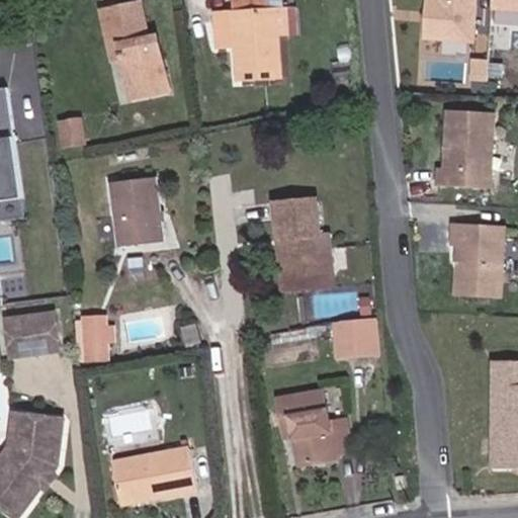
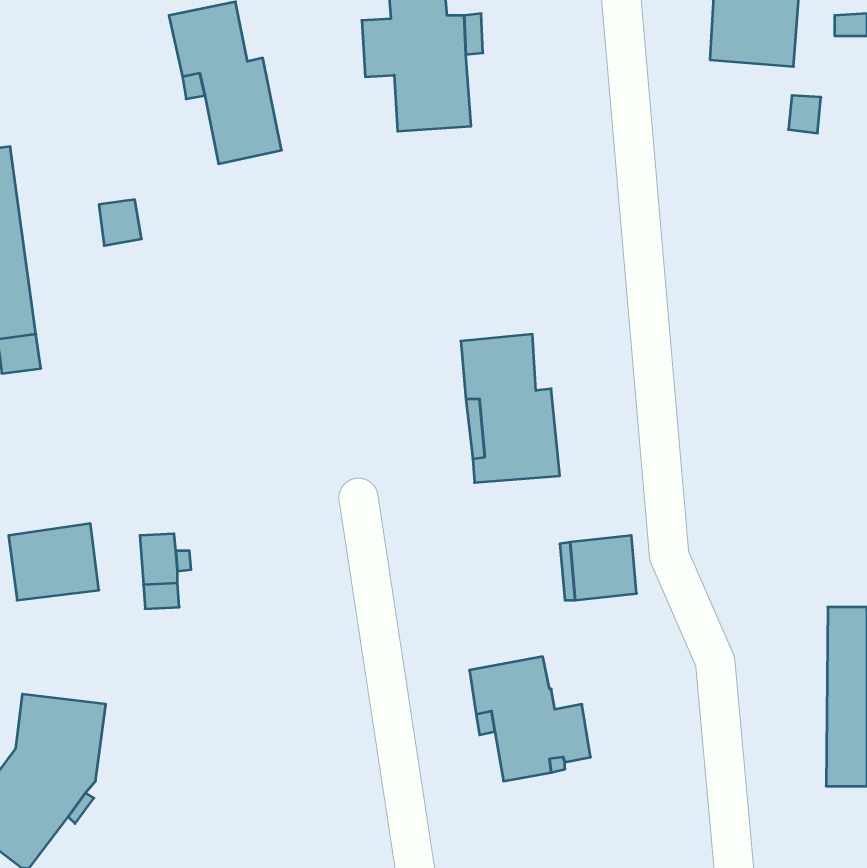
building: [436,108,494,187] -> none
building: [111,179,161,243] -> none
building: [452,224,503,293] -> none
building: [111,445,197,505] -> none

